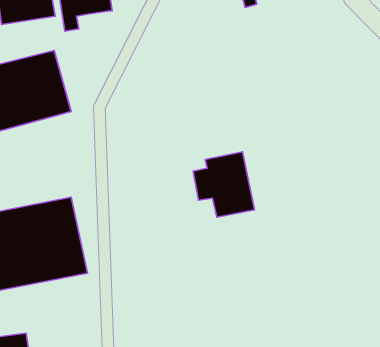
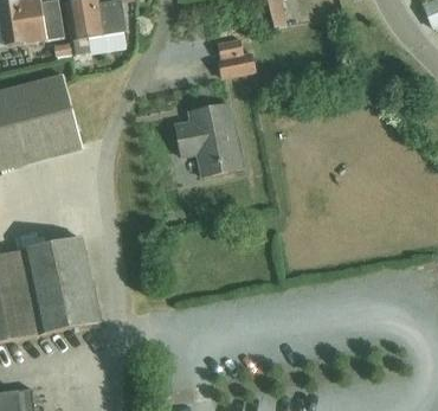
building: none -> [218,39,253,78]
building: [193,152,254,217] -> [175,104,243,176]

